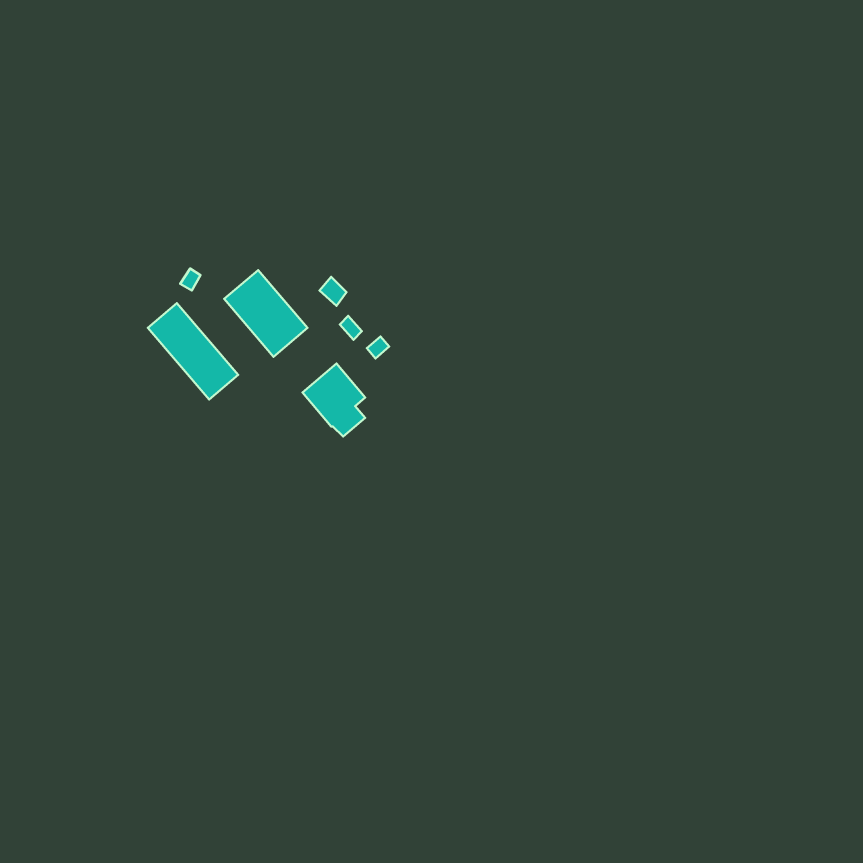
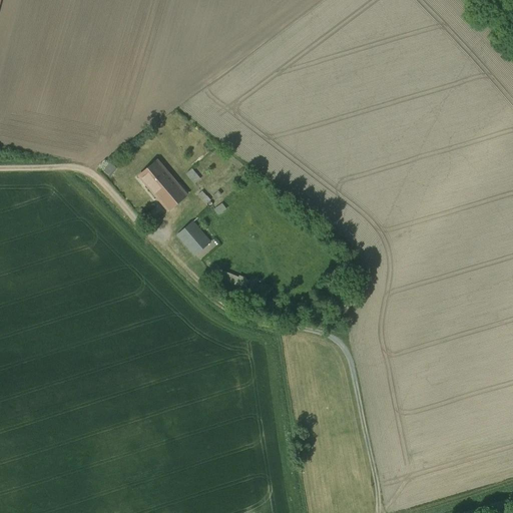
building: [148,303,238,400] -> none

